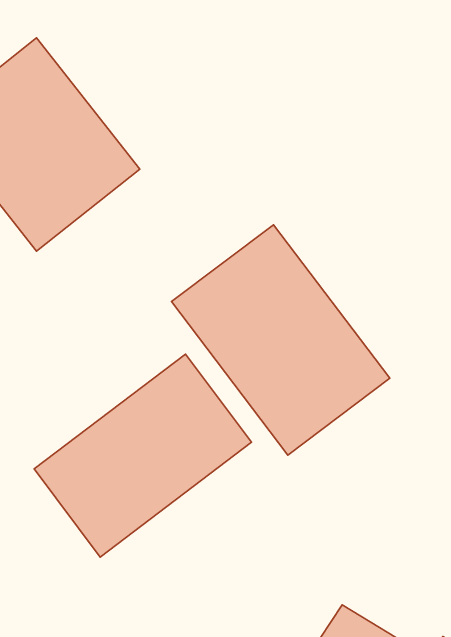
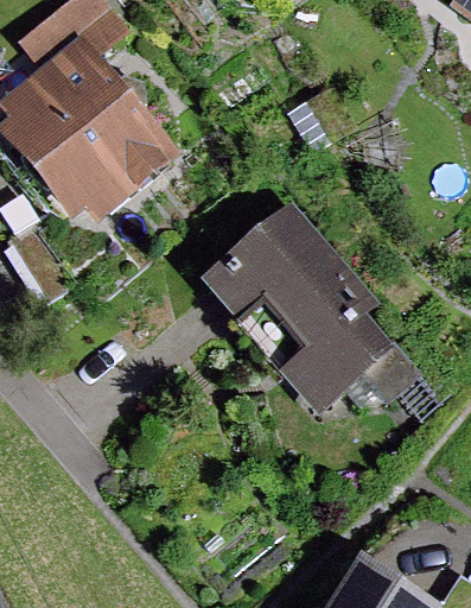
building: [34,354,251,557] -> none

